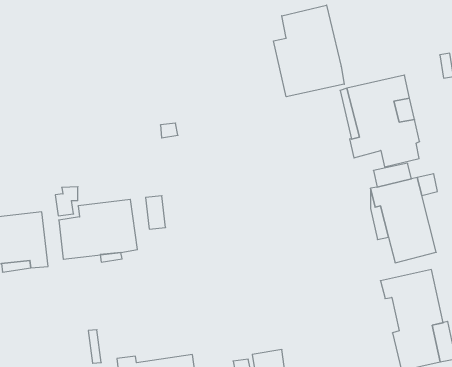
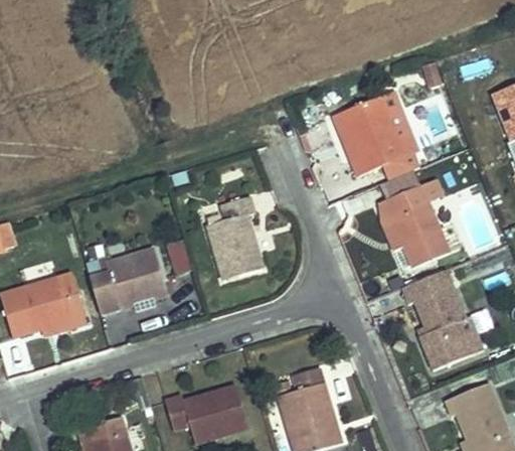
building: [274,5,344,97] -> none
building: none -> [207,197,263,281]

